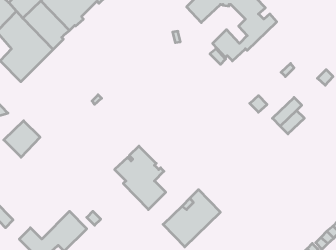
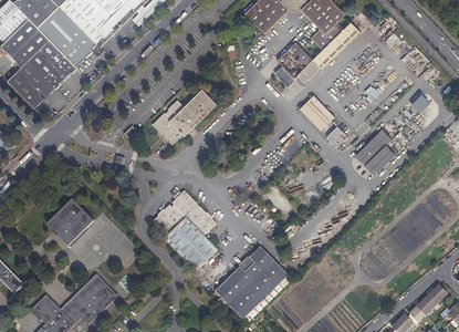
building: none -> [152,89,217,144]
building: none -> [299,95,334,131]
building: [4,121,40,157] -> [46,199,93,246]

